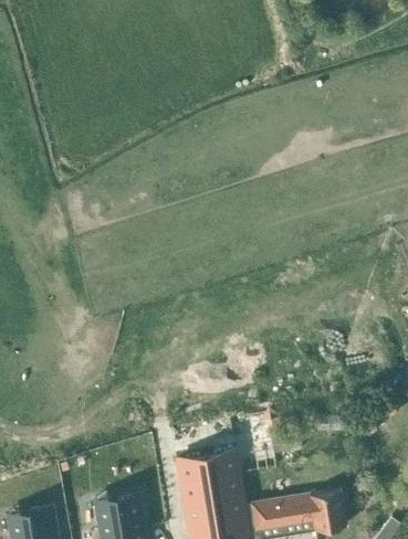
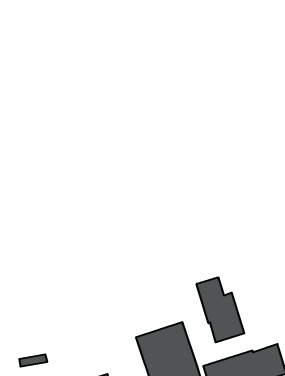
building: none -> [197,277,244,342]

